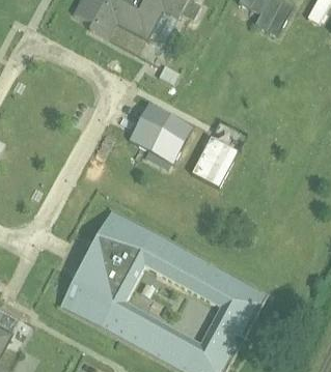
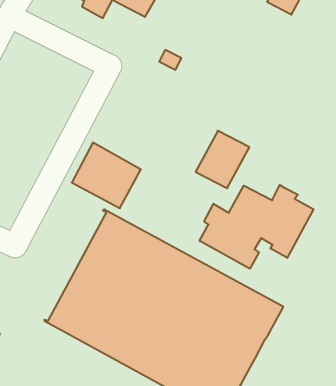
building: [131,103,192,161] -> [72,143,141,208]
building: none -> [200,185,314,269]

